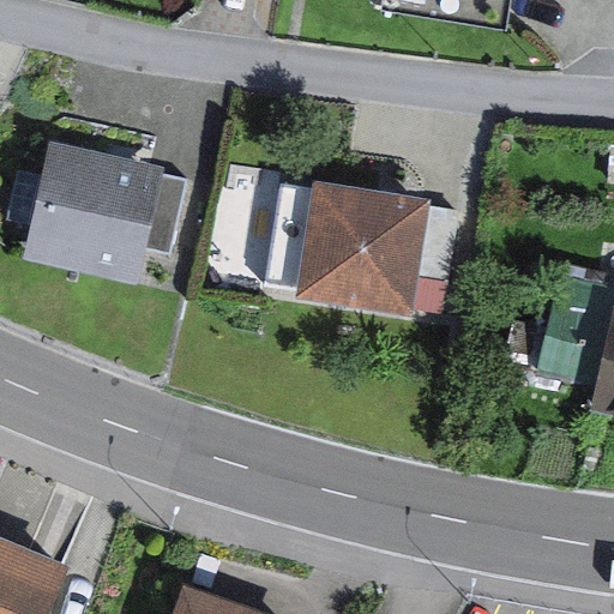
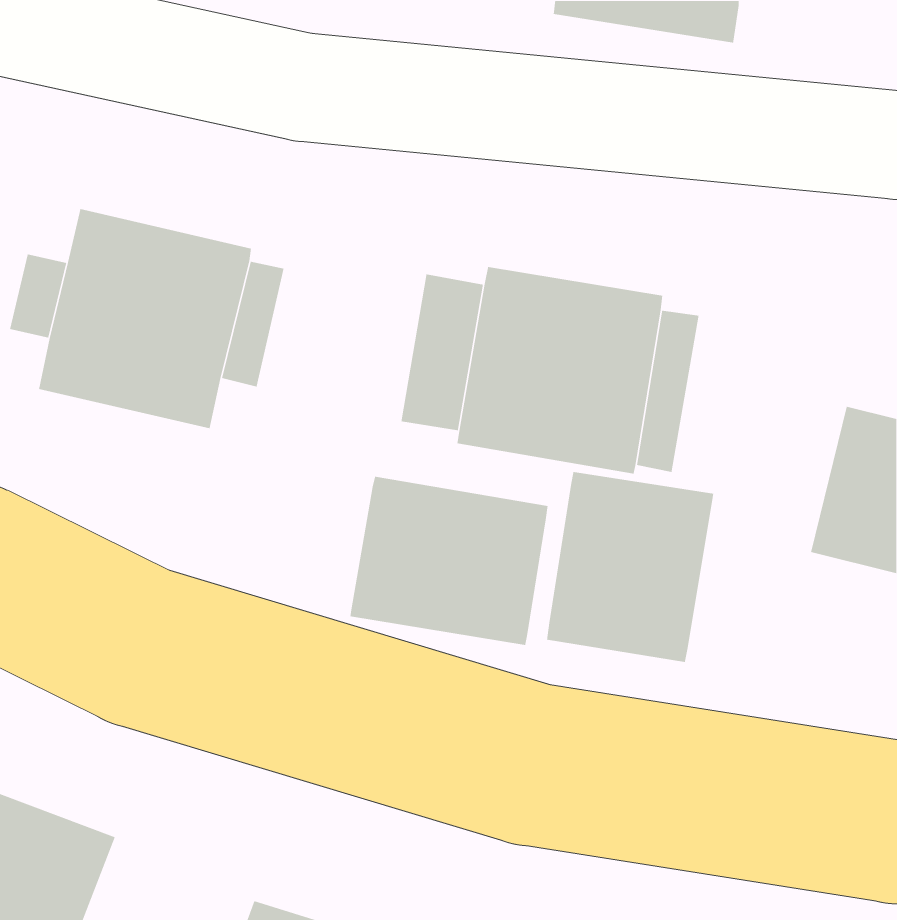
building: none -> [546,471,714,663]
building: none -> [350,476,548,646]

